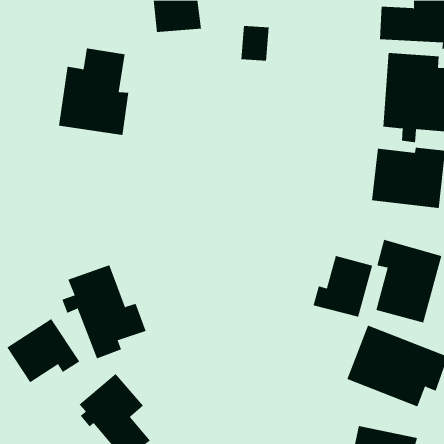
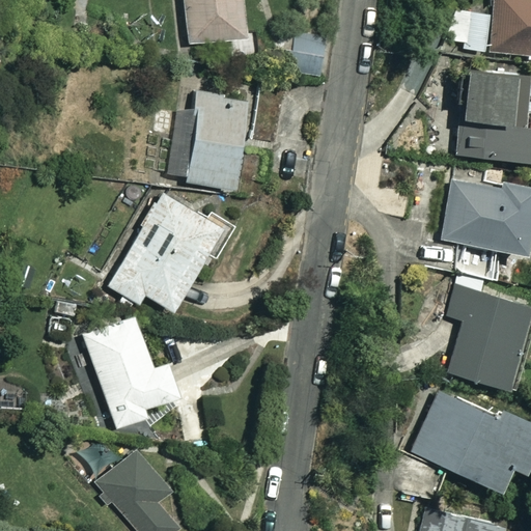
building: [58,48,129,135] -> [167,90,251,194]
building: none -> [110,193,237,314]
building: [313,255,373,318] -> none
building: [7,318,80,383] -> none

